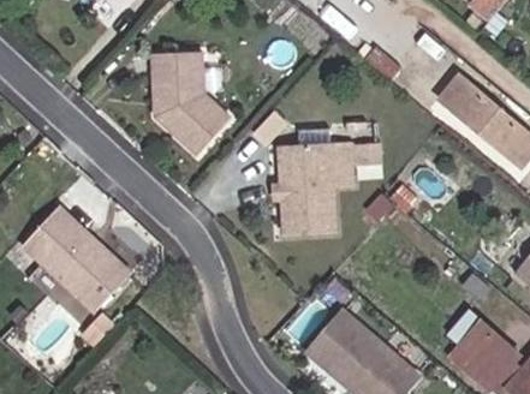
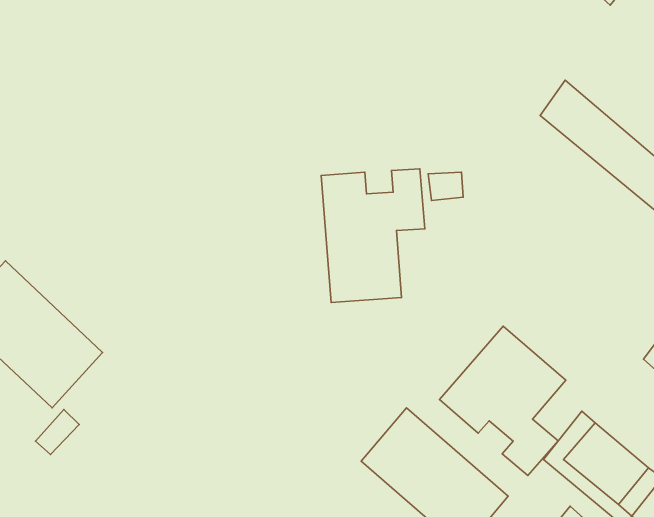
building: [151,46,230,153] -> none
building: none -> [439,326,566,475]

